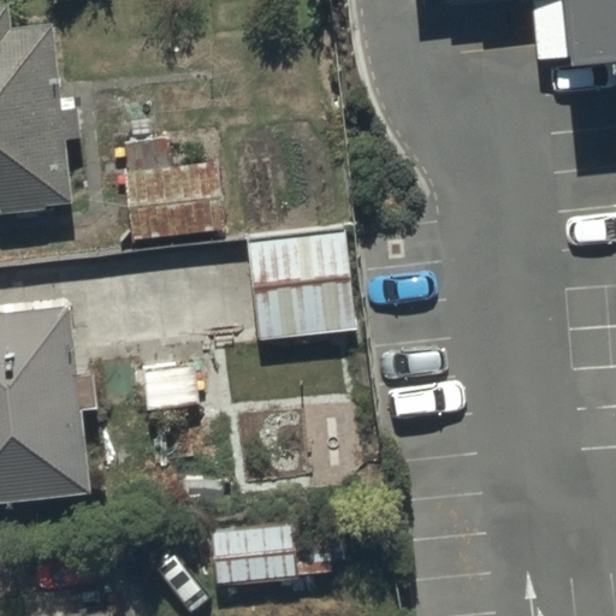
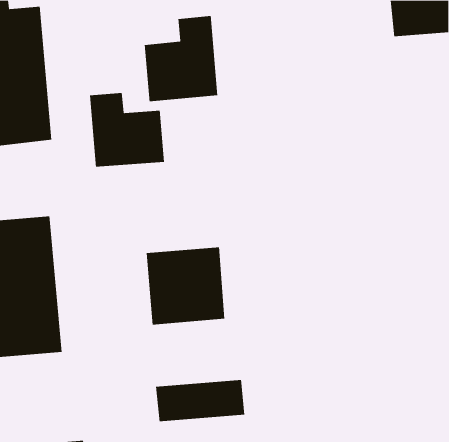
building: none -> [144,15,218,102]
building: [247,232,355,339] -> [146,247,225,325]

